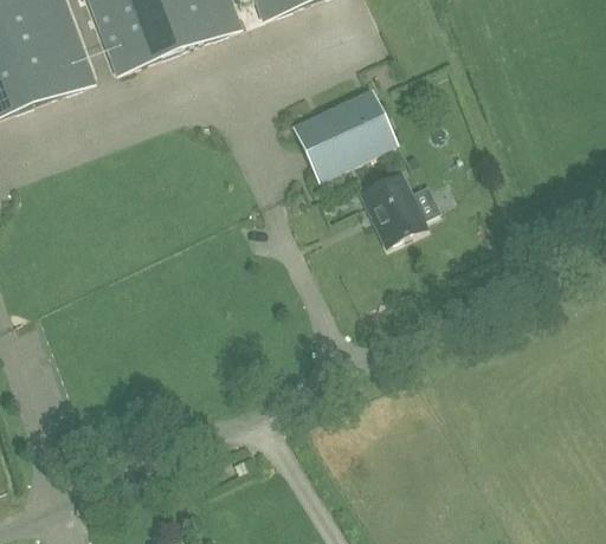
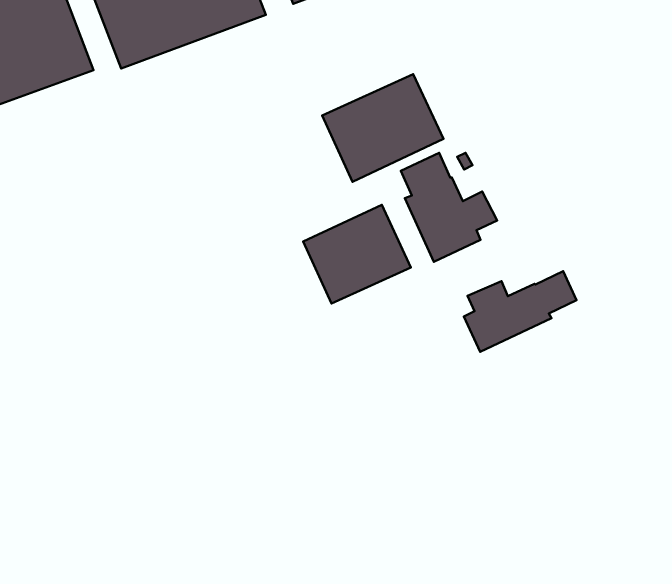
building: none -> [303,205,411,303]
building: none -> [464,271,577,352]

